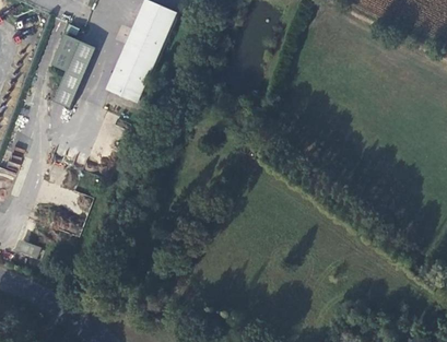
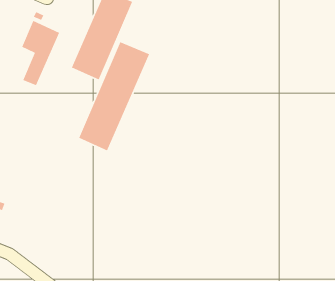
building: none -> [78,41,150,152]

